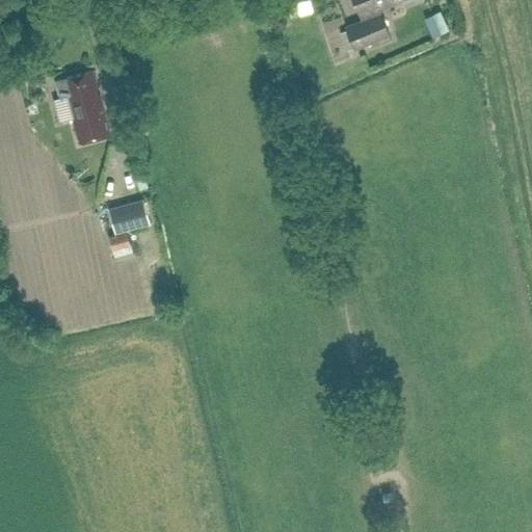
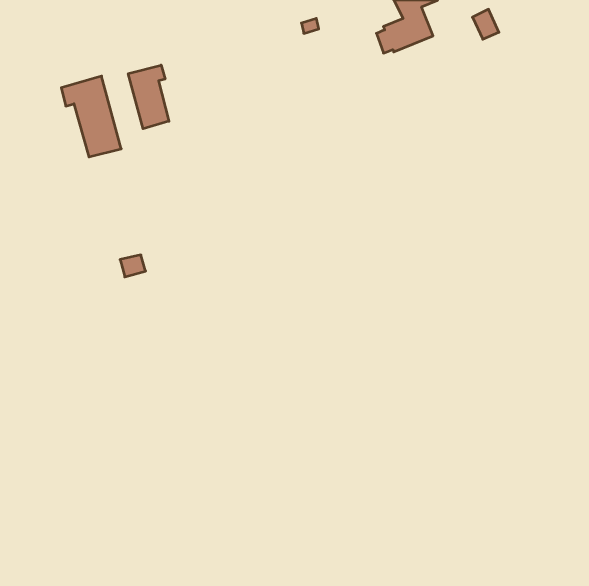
building: none -> [128,65,169,129]
building: [108,200,151,234] -> none

